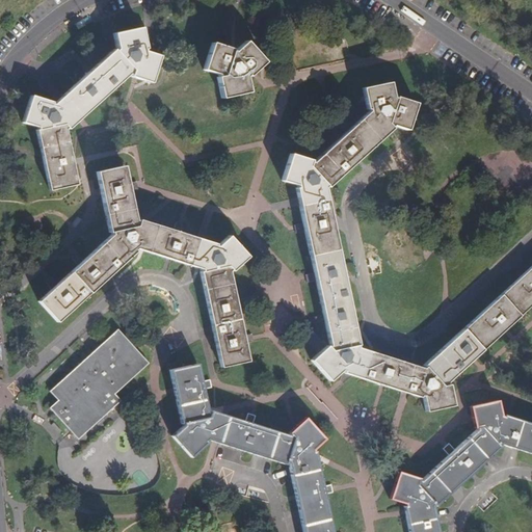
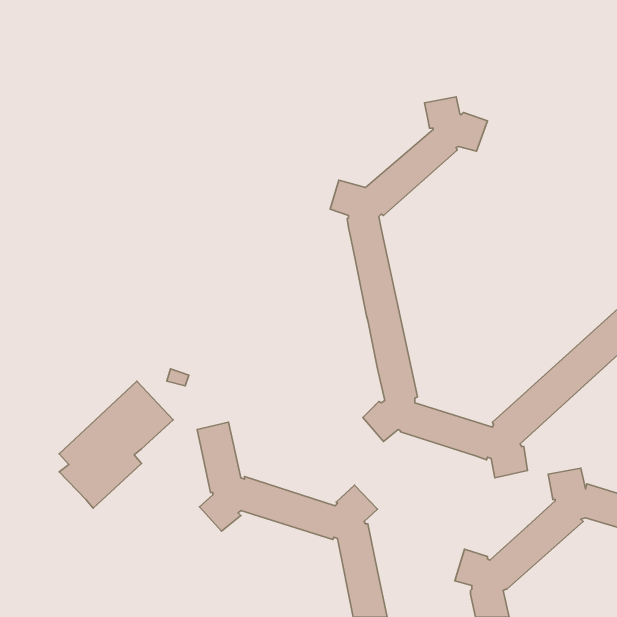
building: [25,28,160,187] -> none
building: [206,42,266,100] -> none
building: [39,163,249,366] -> none

